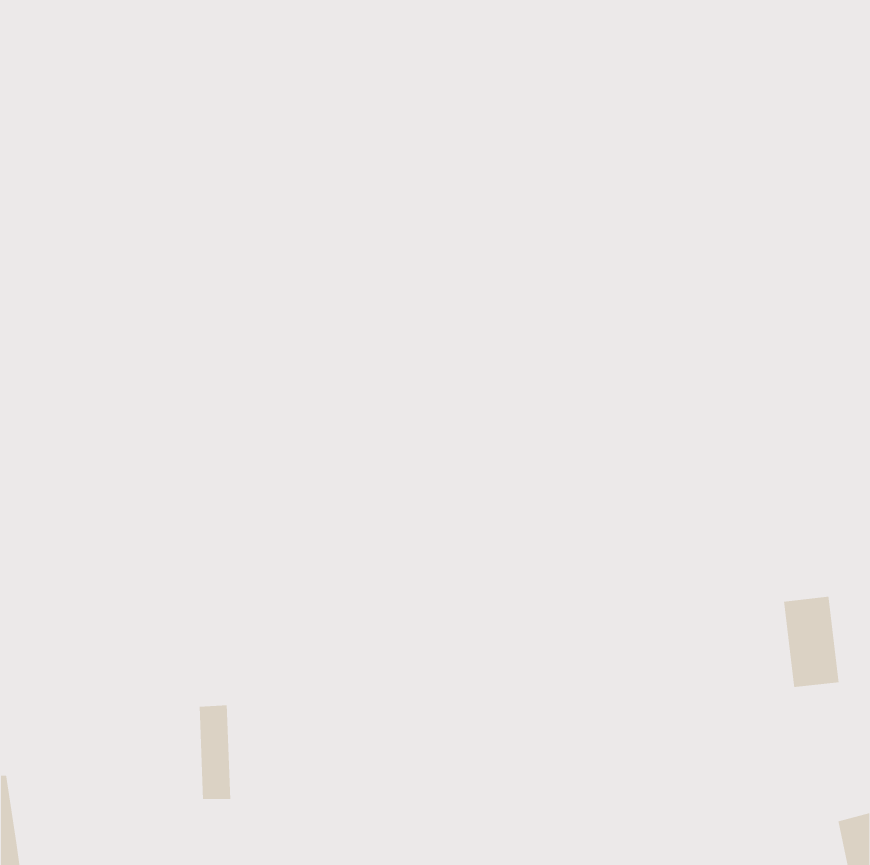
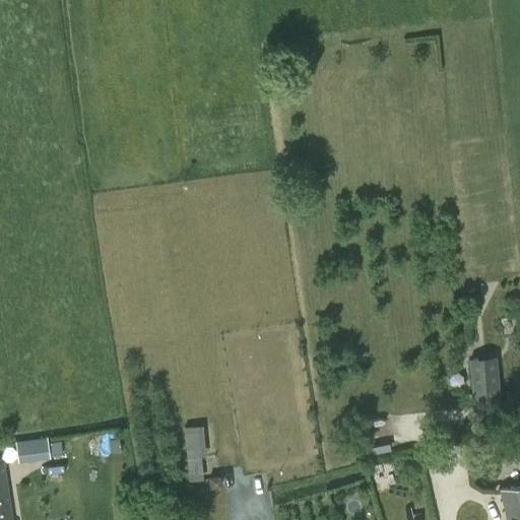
building: [199,705,231,800] -> [188,426,207,482]
building: none -> [26,438,62,460]

